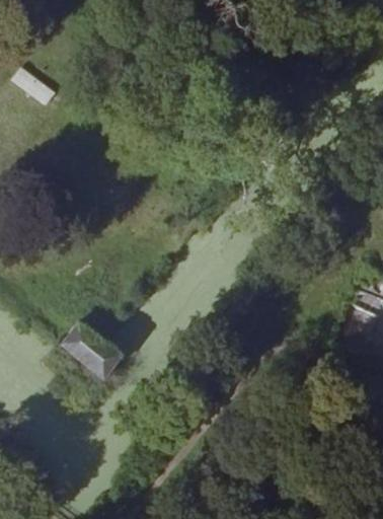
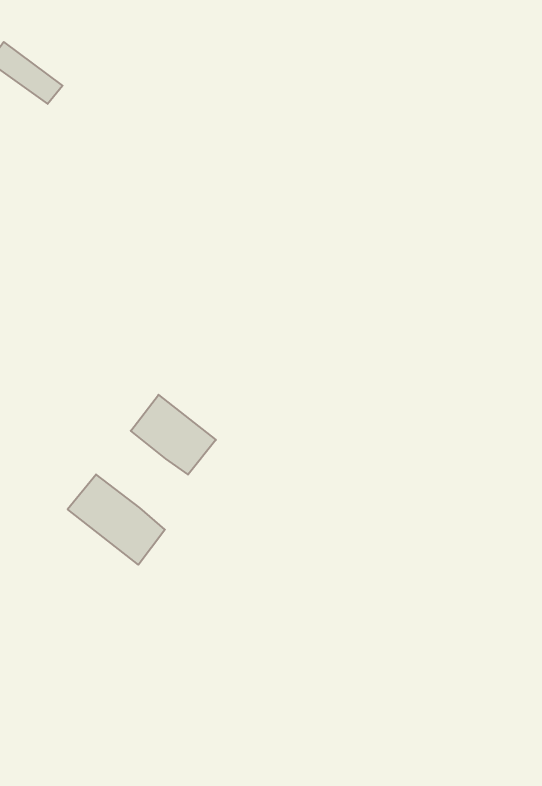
building: none -> [131,395,216,475]

